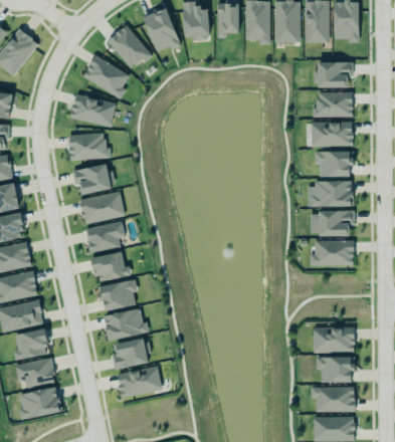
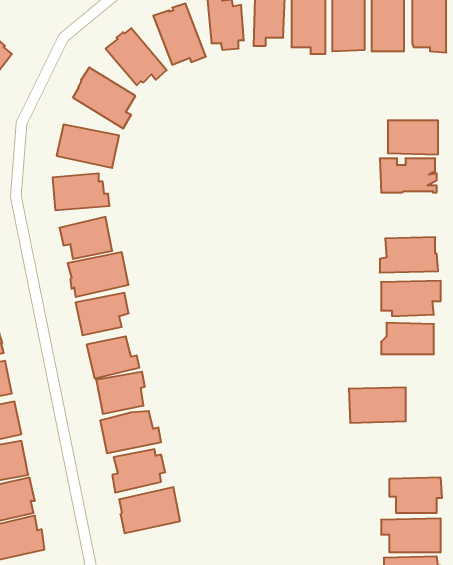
building: [313,61,353,87] -> none
building: [314,151,353,177] -> none
building: [312,326,354,353] -> [349,387,406,423]

